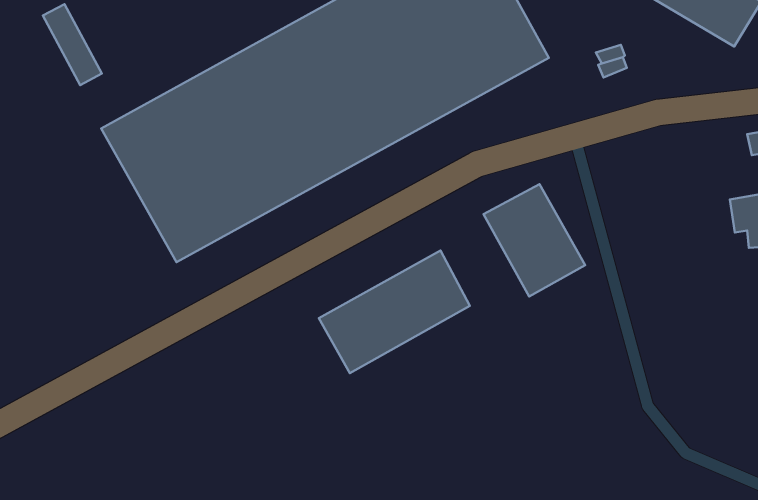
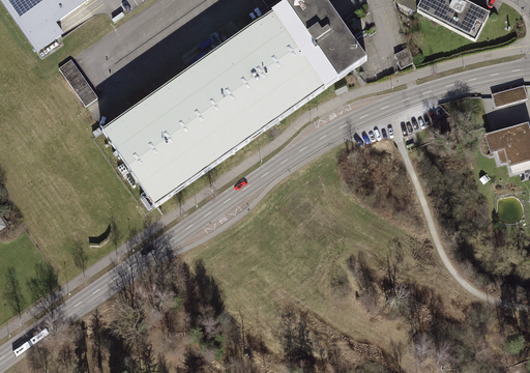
building: [484,184,585,297] -> none
building: [319,251,470,373] -> none

